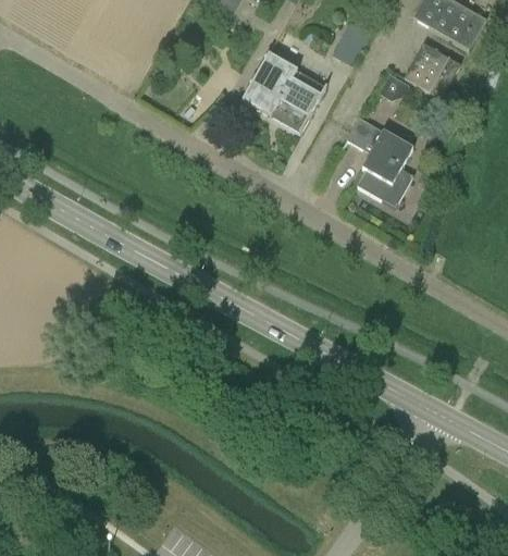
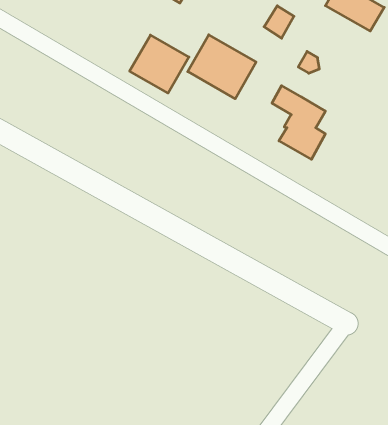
building: [404,42,460,97] -> none
building: none -> [130,35,189,93]

